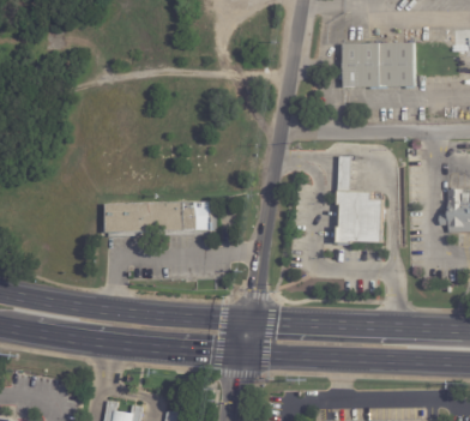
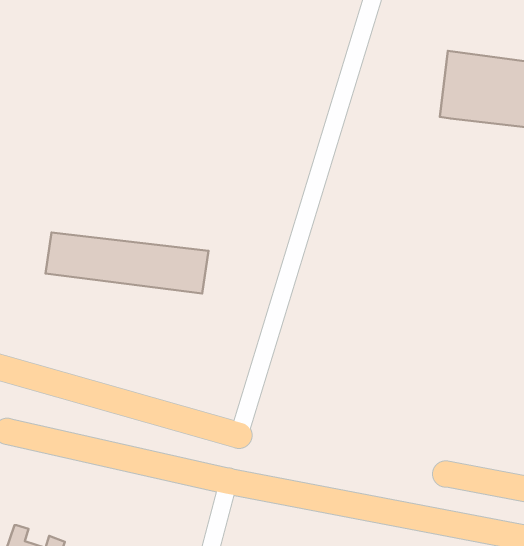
building: [337,156,384,242] -> none

